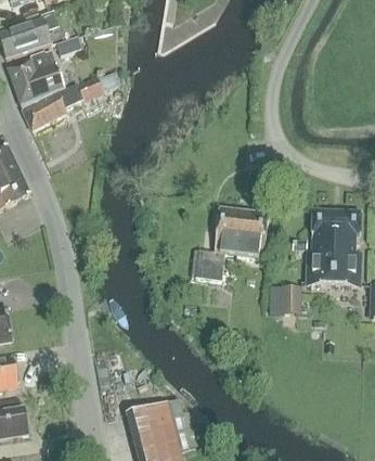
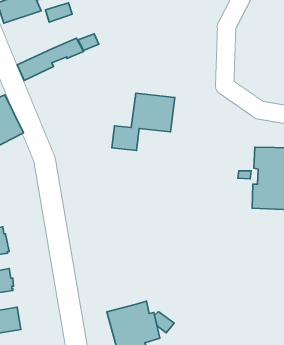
building: [7,51,64,110] -> none
building: [190,209,267,280] -> [112,93,175,151]
building: [269,285,300,315] -> none

